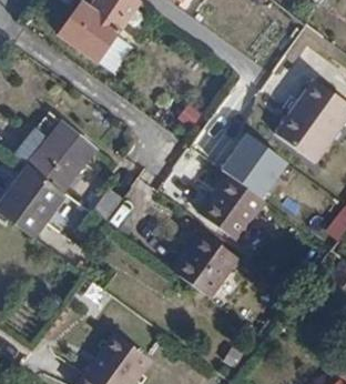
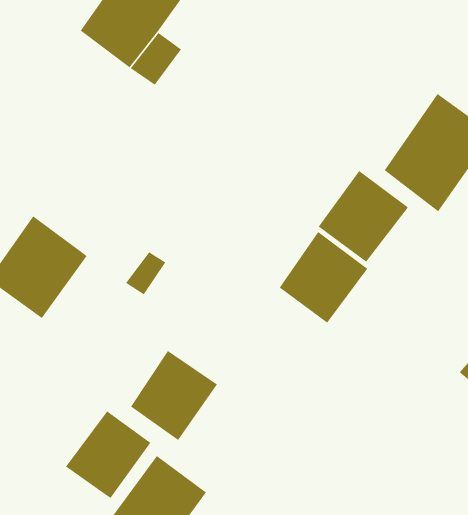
building: [27,120,93,189] -> none
building: [175,232,237,296] -> [130,350,218,441]
building: none -> [65,410,151,499]

